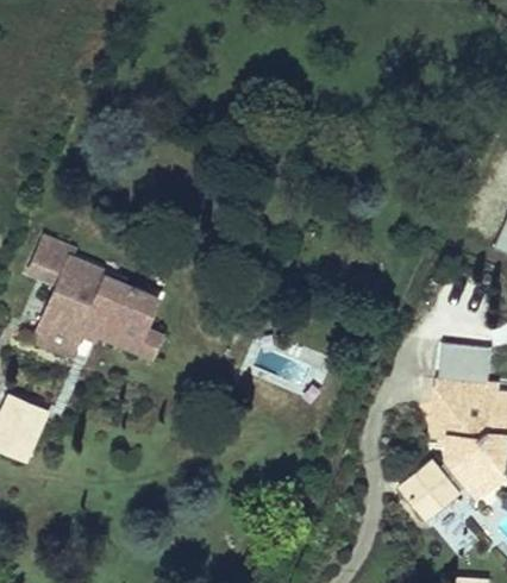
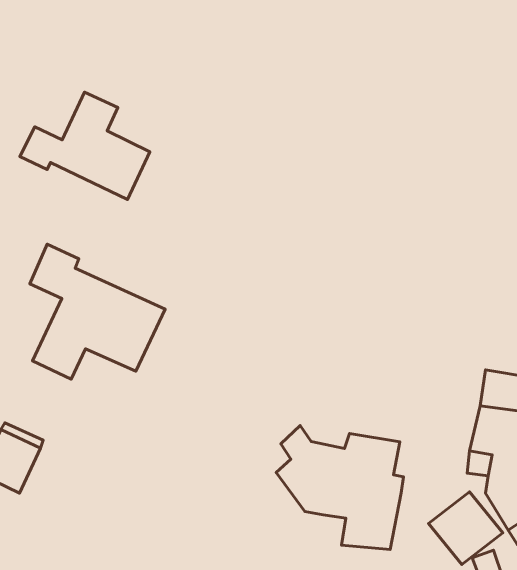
building: none -> [20,92,150,199]
building: none -> [276,426,403,550]

